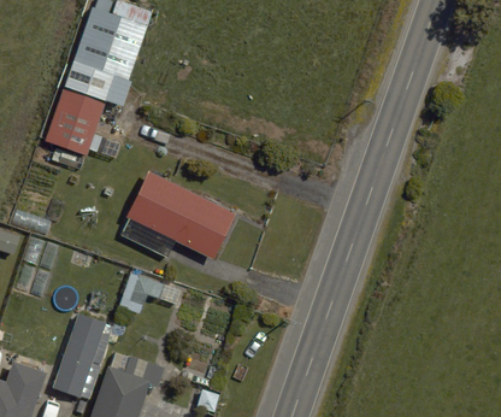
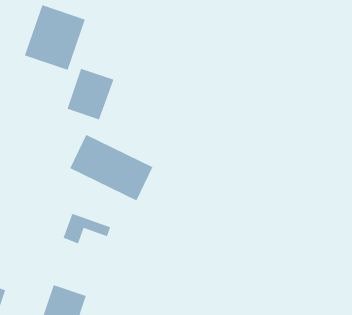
building: [43,88,105,155] -> [66,68,114,120]
building: [52,313,104,397] -> none

